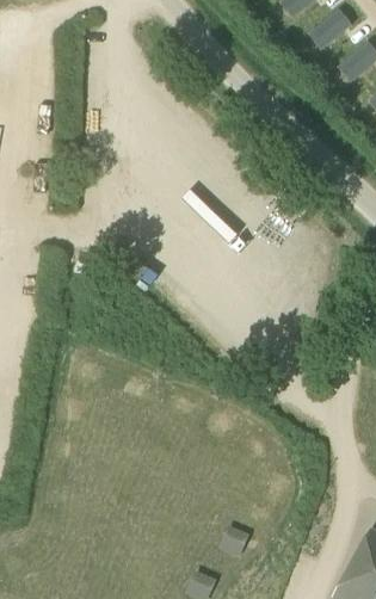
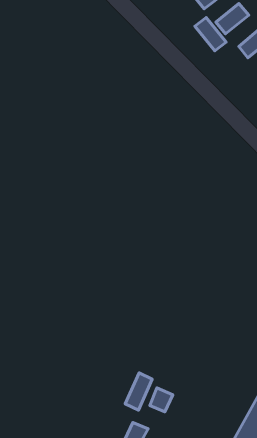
building: none -> [195,18,226,51]
building: none -> [125,373,152,410]

